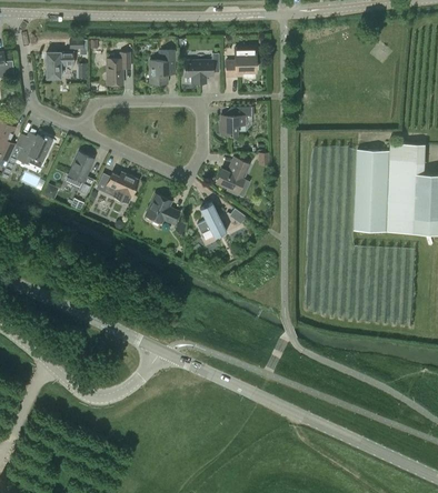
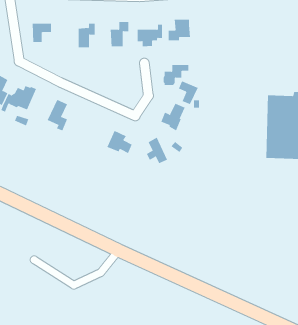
building: none -> [178,81,198,105]
building: [97,173,138,203] -> none

